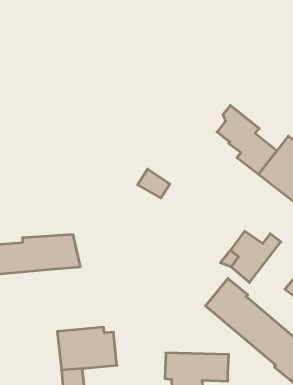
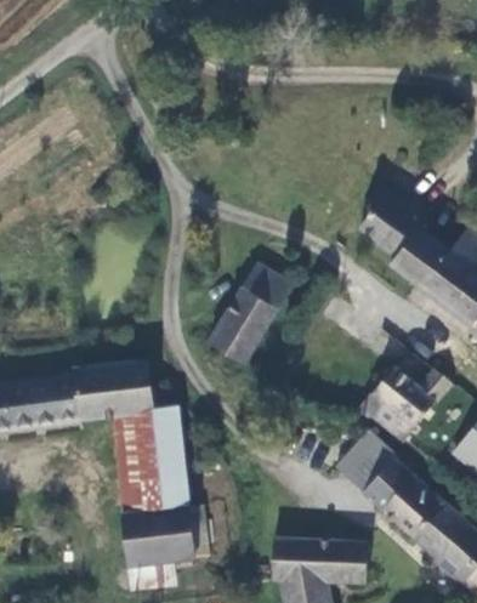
building: none -> [206,295,271,368]
building: none -> [110,413,187,510]

